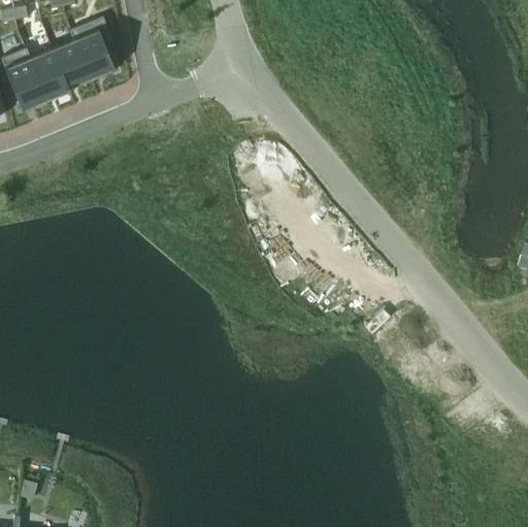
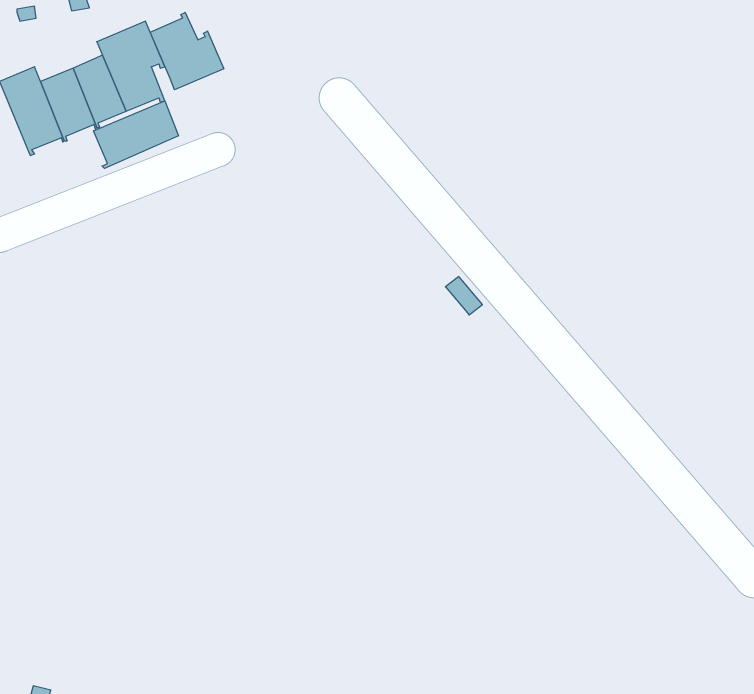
building: none -> [150,12,224,90]
building: none -> [94,101,178,168]

